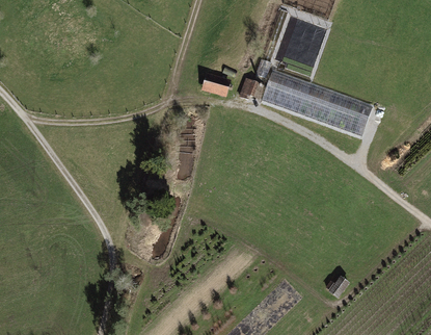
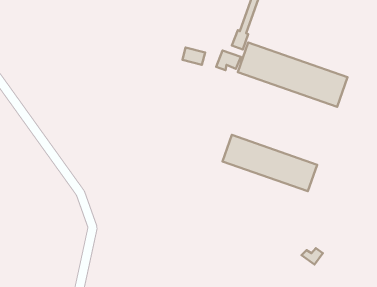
building: none -> [223,135,317,191]

